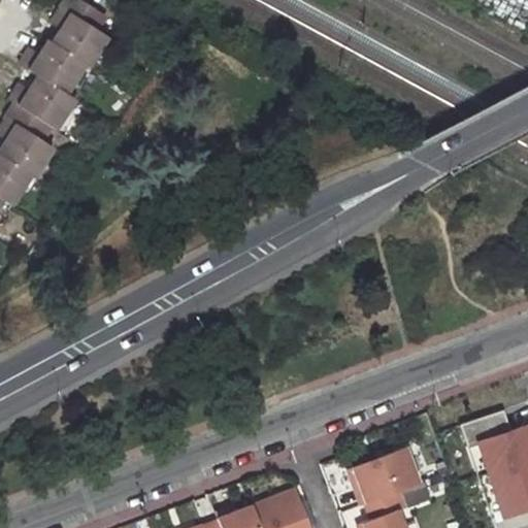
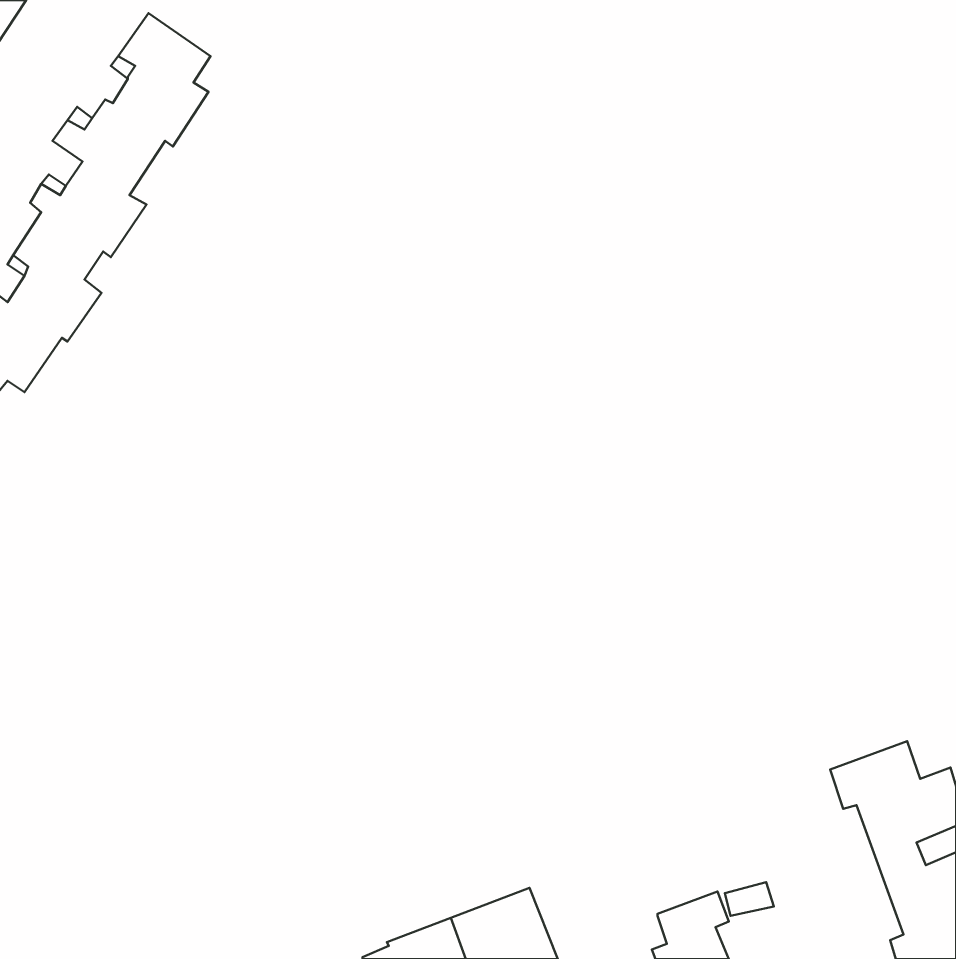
building: [348,447,415,502] -> none

